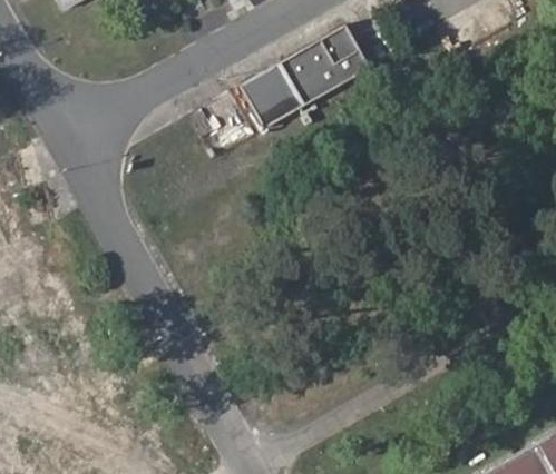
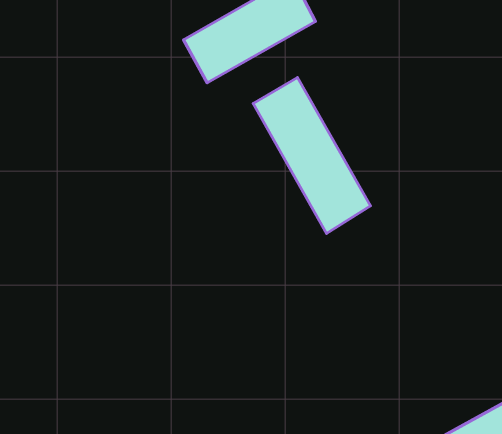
building: none -> [253,77,370,234]

